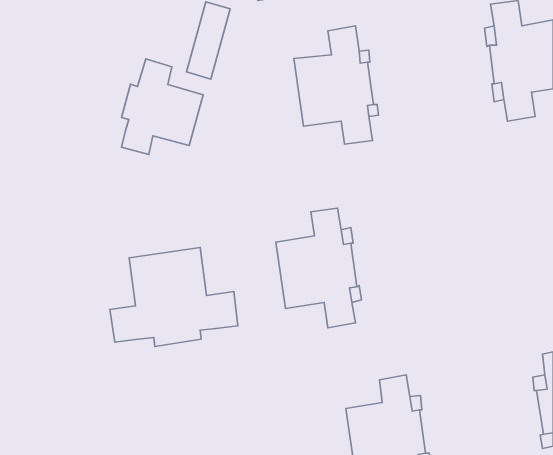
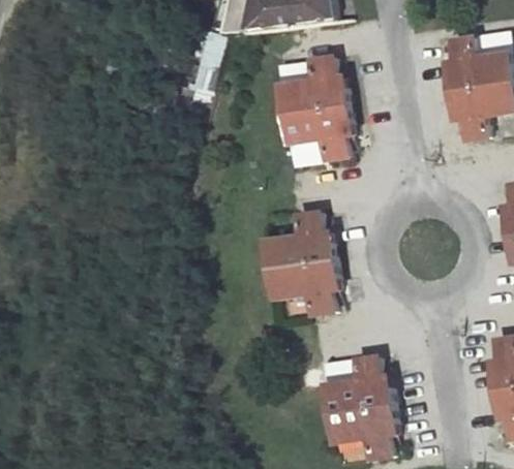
building: [122,59,203,154] -> none
building: [110,247,238,346] -> none

